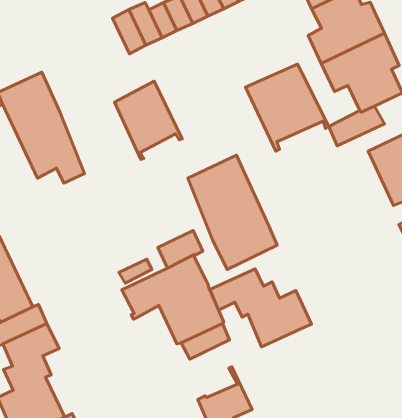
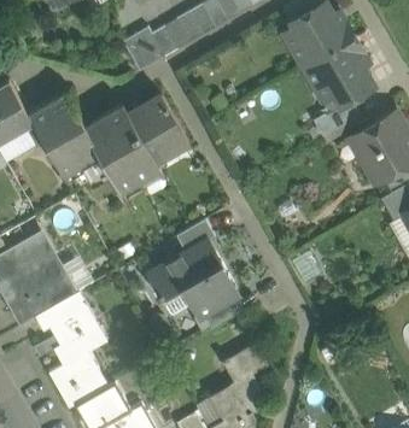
building: [246,64,329,151] -> none
building: [188,155,277,269] -> [83,102,164,200]
building: [210,269,311,347] -> none

